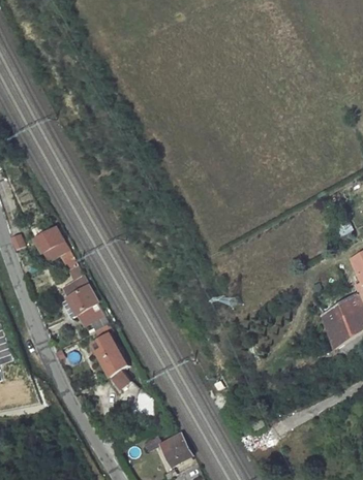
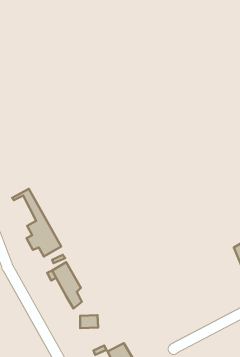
building: [35,227,64,253] -> none

